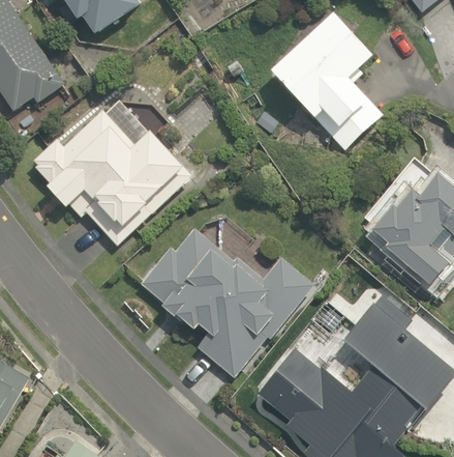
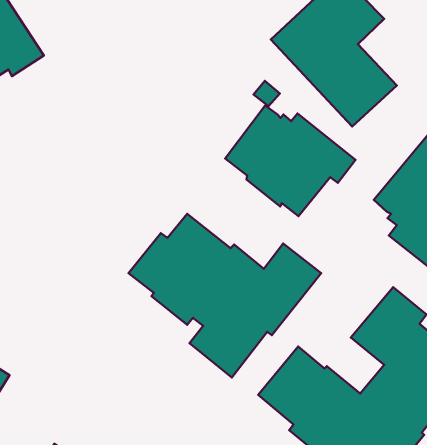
building: [31,107,191,246] -> none
building: none -> [225,106,356,216]

